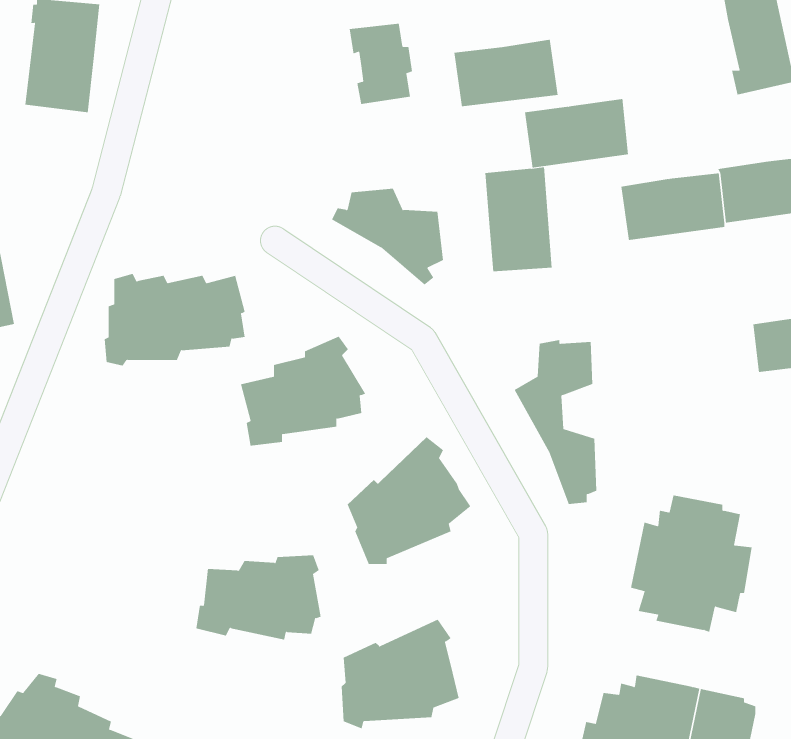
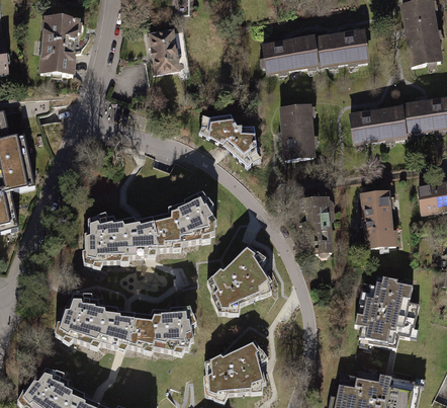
building: [349,23,413,105] -> [147,30,180,73]
building: [524,98,629,168] -> [314,30,368,67]
building: [104,273,246,366] -> [83,217,157,265]
building: none -> [361,191,396,247]
building: none -> [56,295,135,348]

